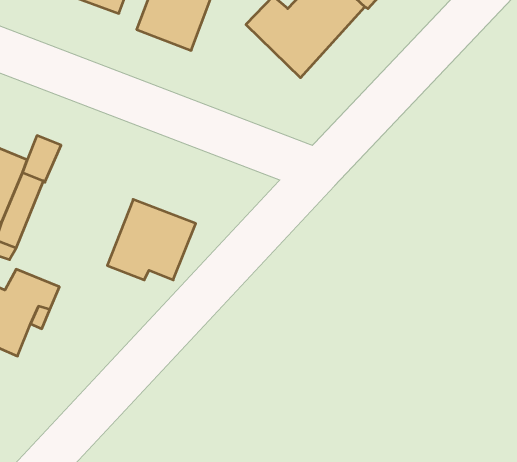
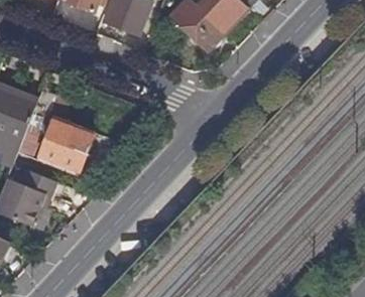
building: [107,199,196,280] -> [36,120,92,170]

